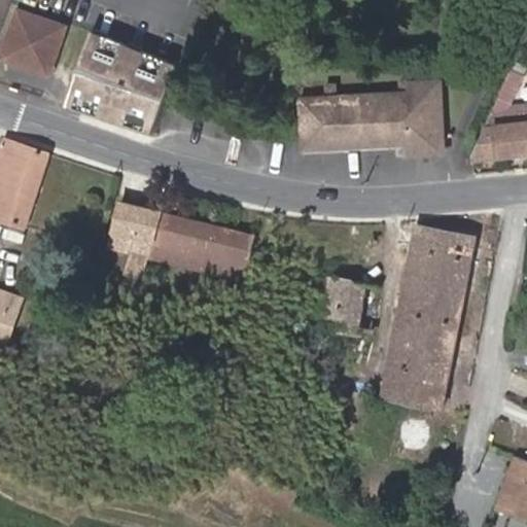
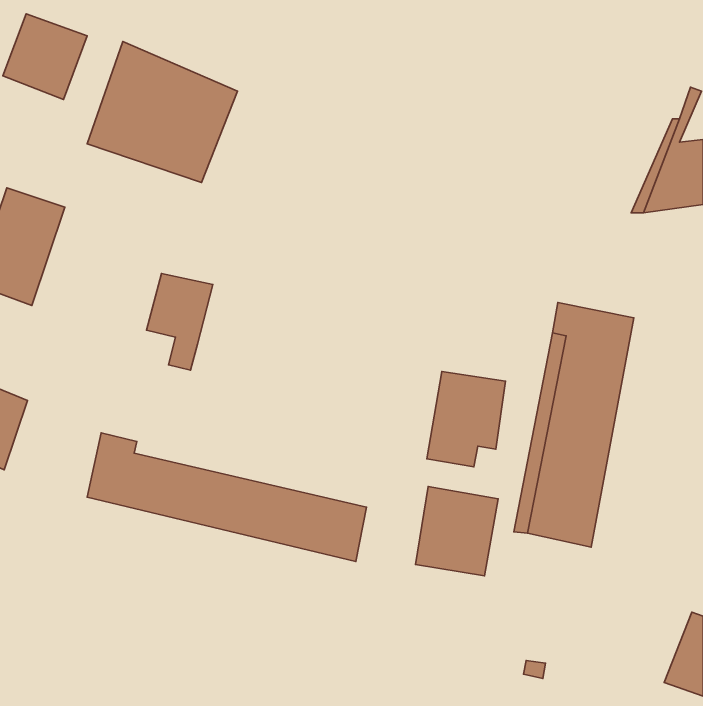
building: [301,80,441,153] -> none
building: [147,212,254,280] -> none
building: none -> [87,433,366,561]
building: none -> [416,487,498,576]

